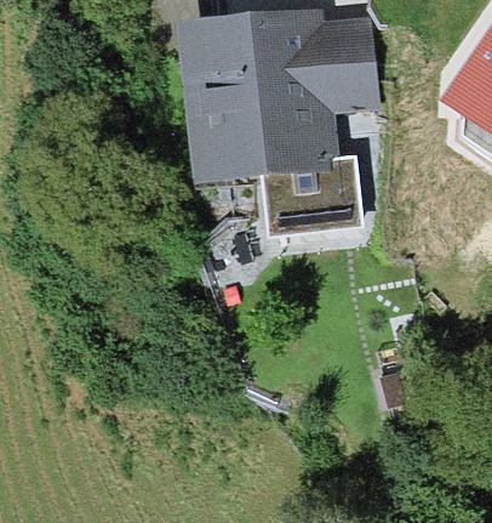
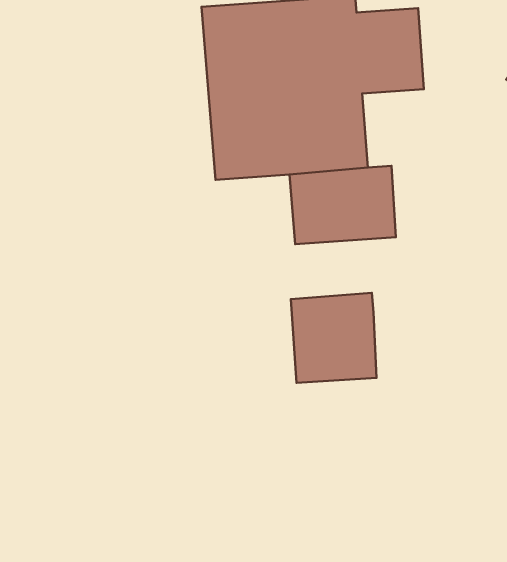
building: none -> [291,293,376,383]

